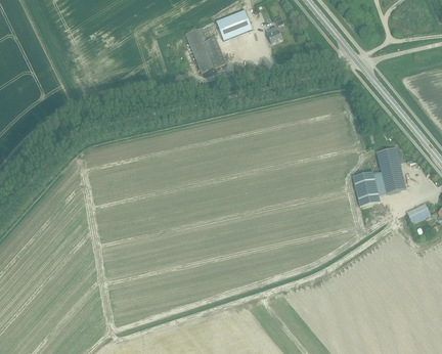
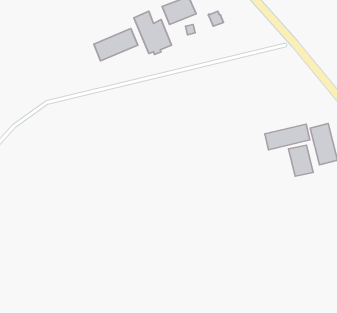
building: none -> [94,29,138,61]
building: none -> [265,124,310,150]

